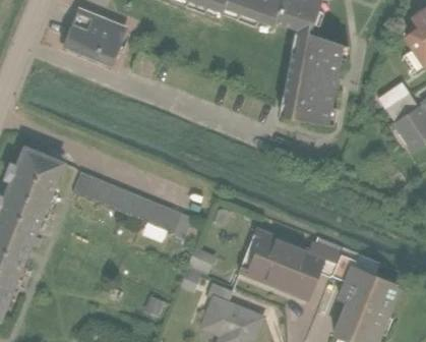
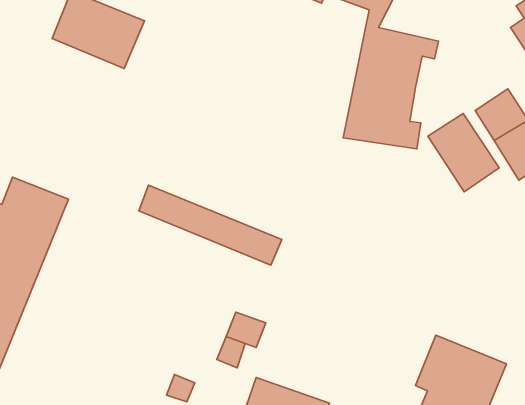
building: none -> [428,114,499,192]
building: [79,169,186,229] -> [139,185,282,265]
building: [246,230,325,294] -> none

